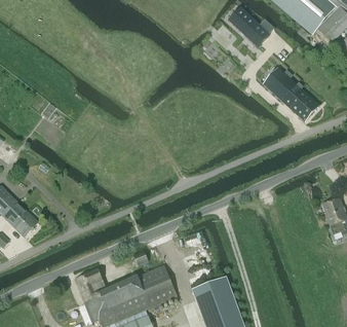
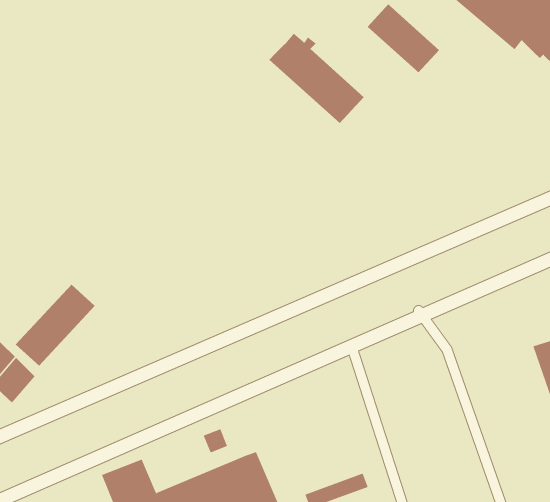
building: [264,69,319,121] -> [268,33,365,124]
building: none -> [15,284,96,366]

